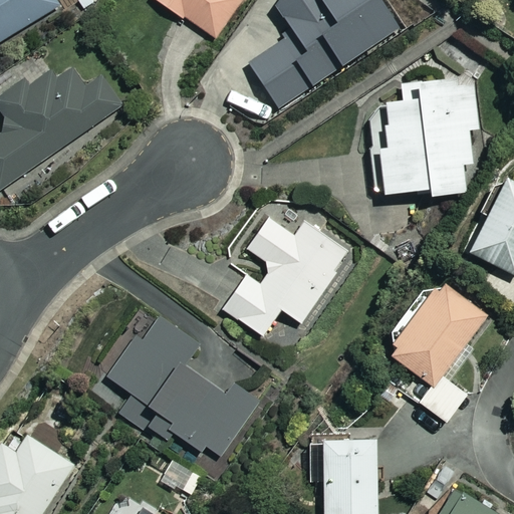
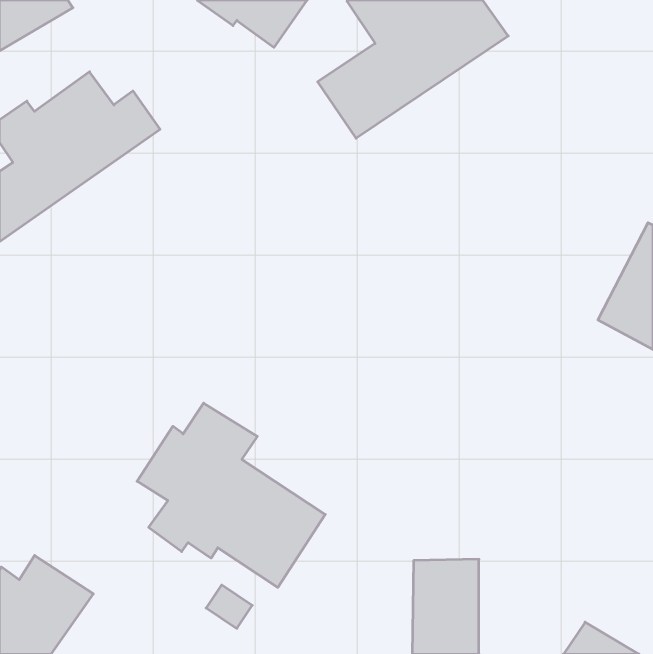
building: [380,79,476,195] -> none
building: [223,217,349,335] -> none
building: [390,281,487,422] -> none

